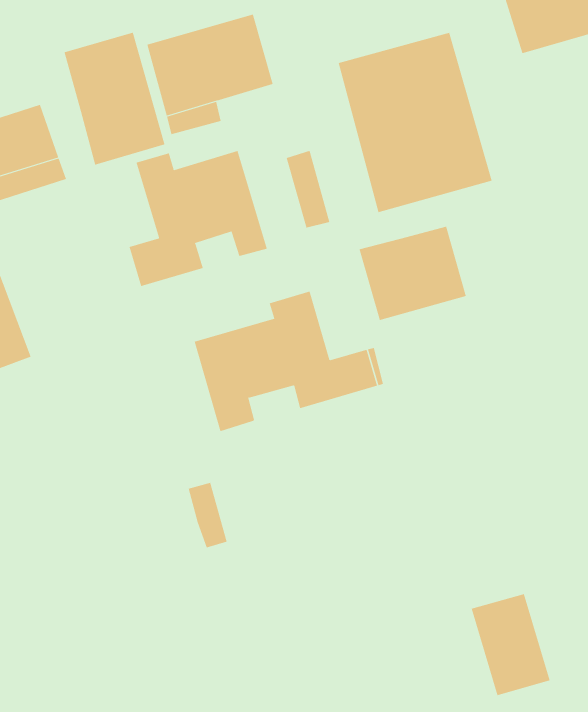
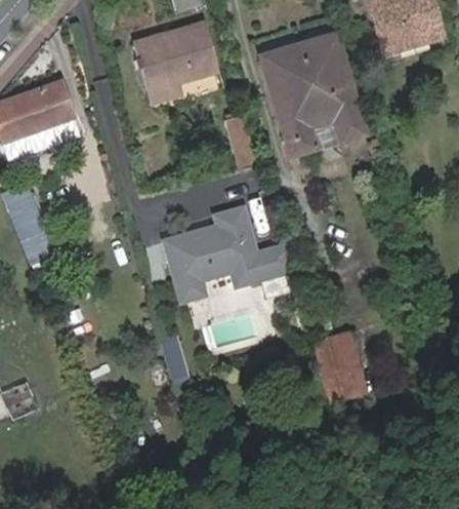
building: [64,32,165,166] -> none
building: [129,150,268,287] -> none
building: [359,226,466,321] -> none
building: [471,593,551,696] -> [311,331,365,400]

